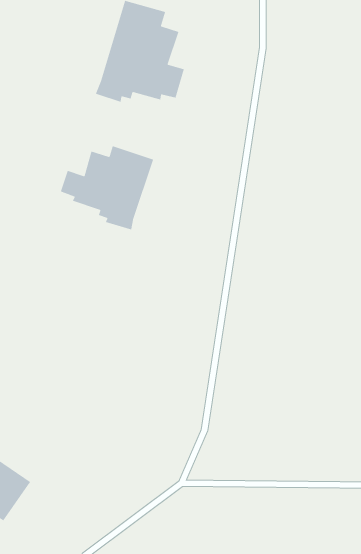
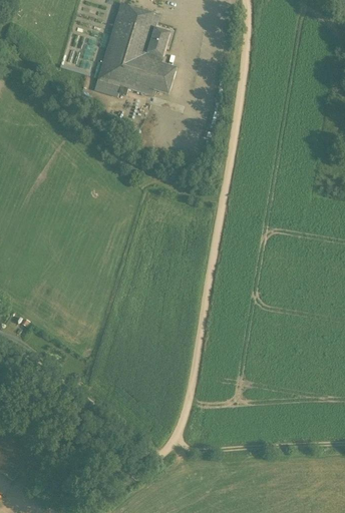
building: [60,145,154,231] -> none

